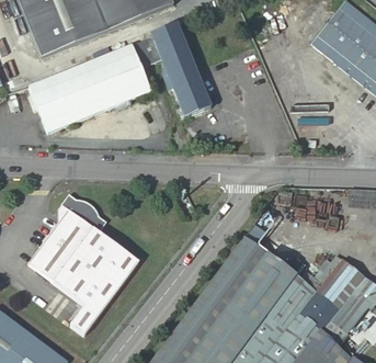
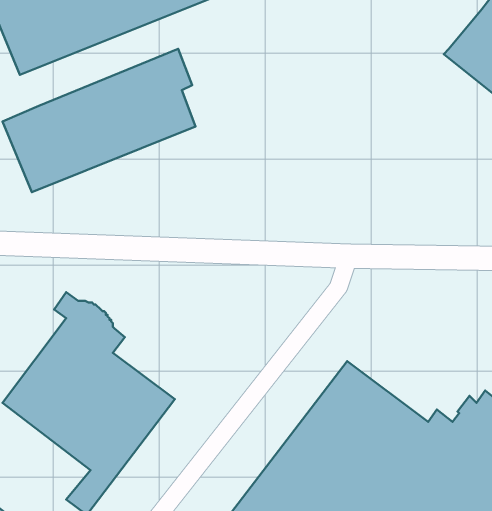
building: [141,21,210,115] -> none

